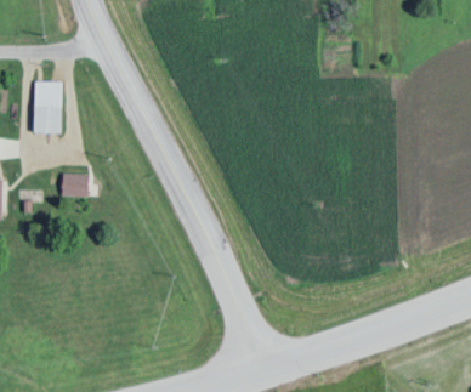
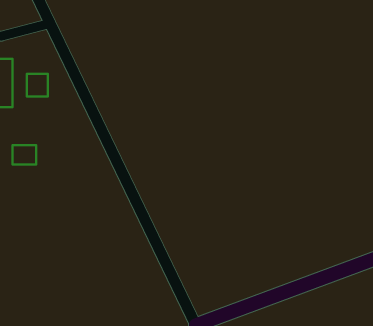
building: none -> [27,74,48,96]

